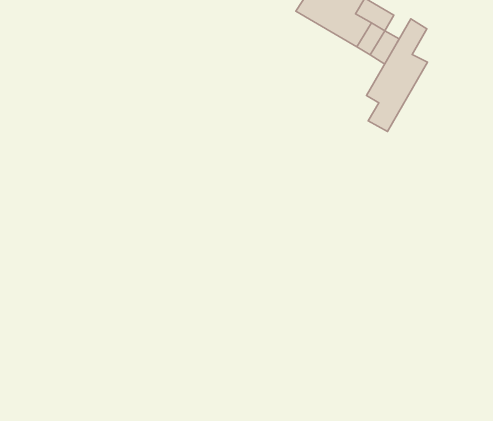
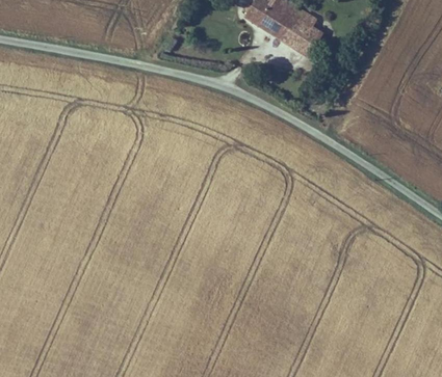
building: [366,19,428,131] -> none

